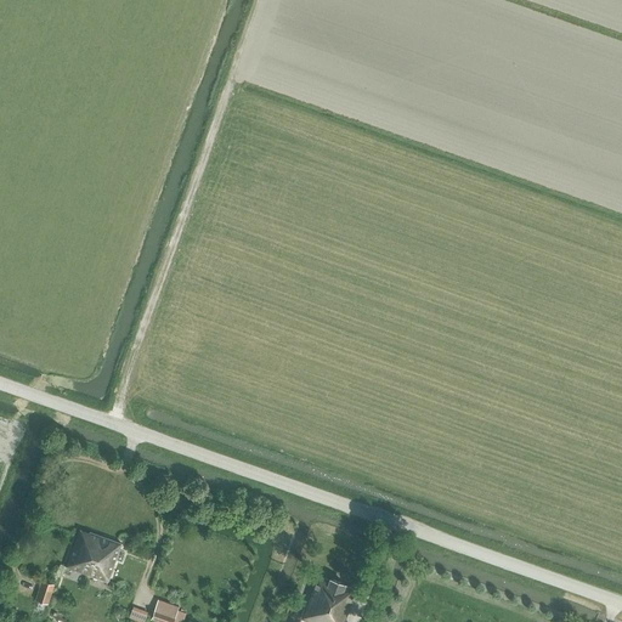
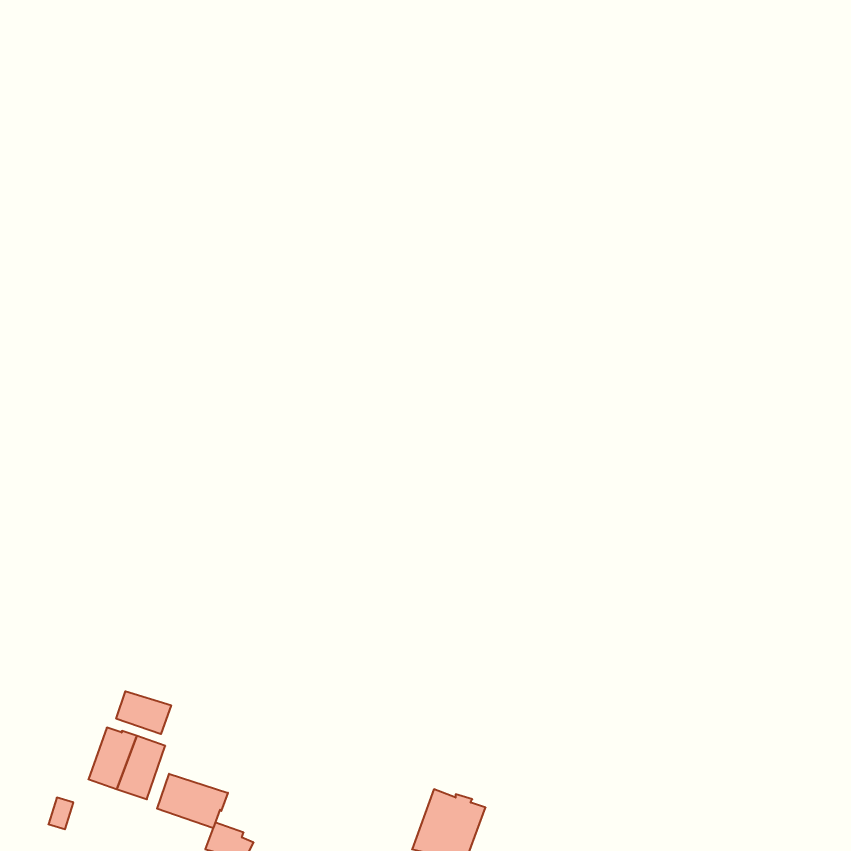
building: none -> [116,691,171,734]
building: none -> [157,774,228,828]

